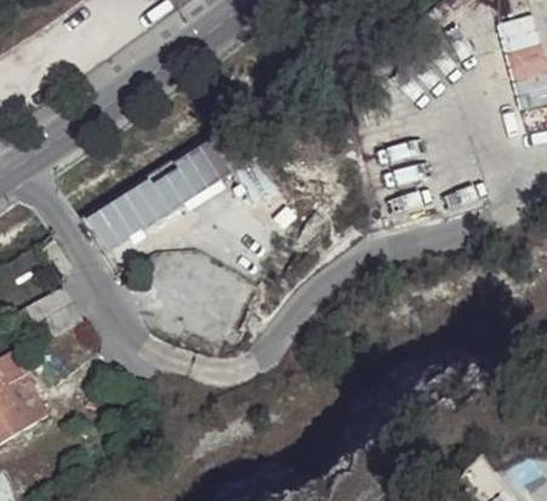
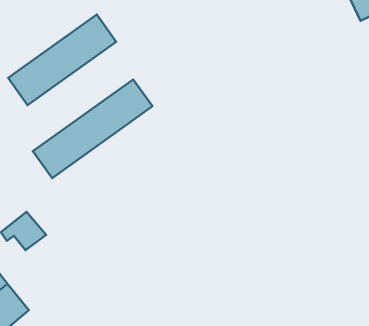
building: none -> [8,14,116,105]

